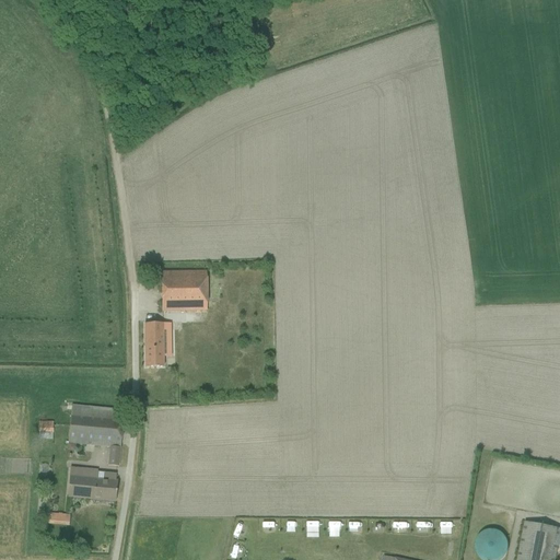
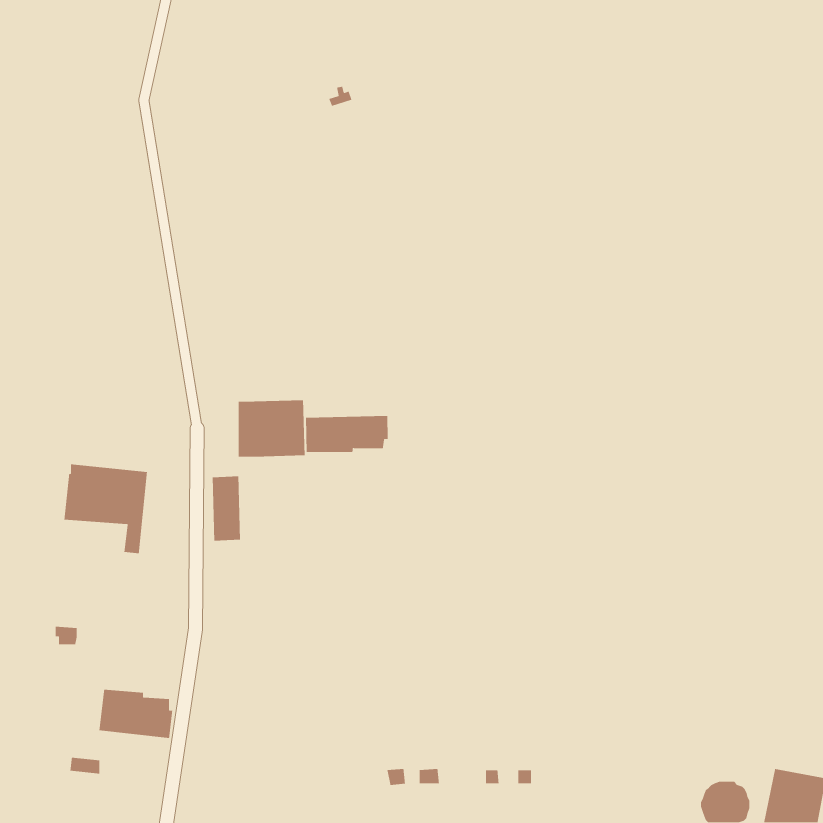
building: none -> [305,415,389,453]
building: [69,404,126,465] -> [64,464,148,554]

